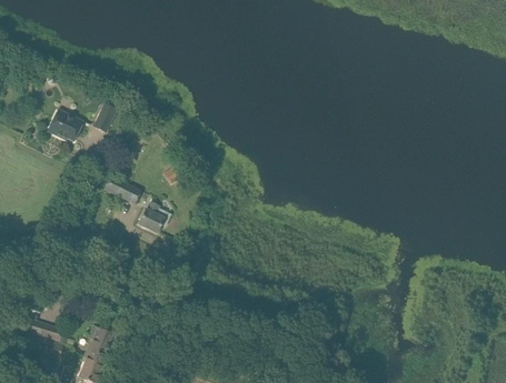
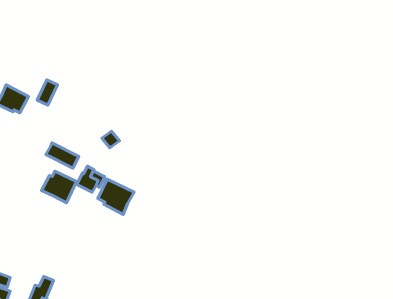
building: none -> [42,171,76,203]
building: none -> [98,179,134,214]

